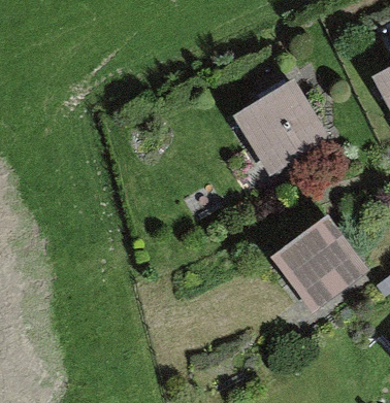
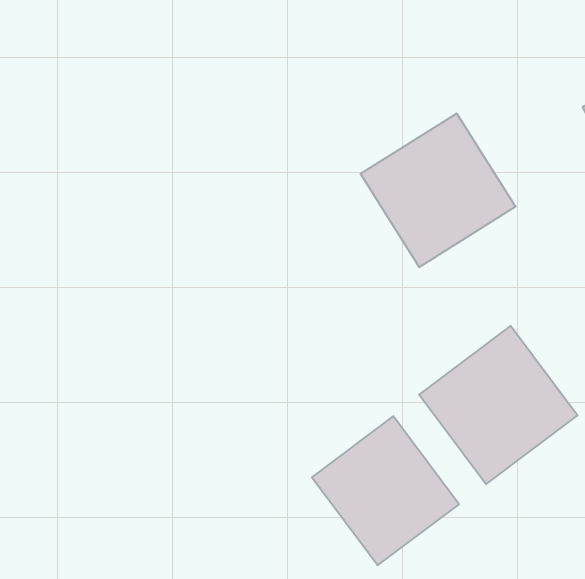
building: none -> [312,416,459,565]

